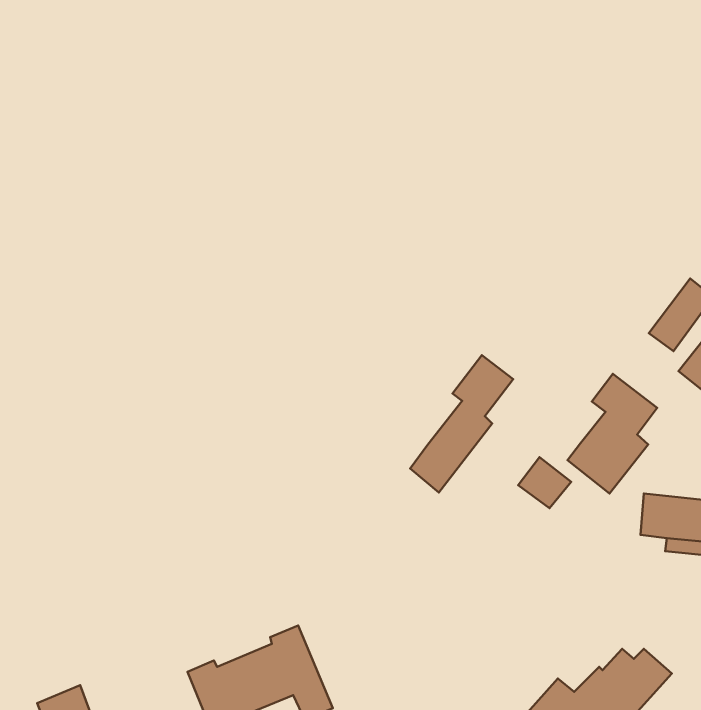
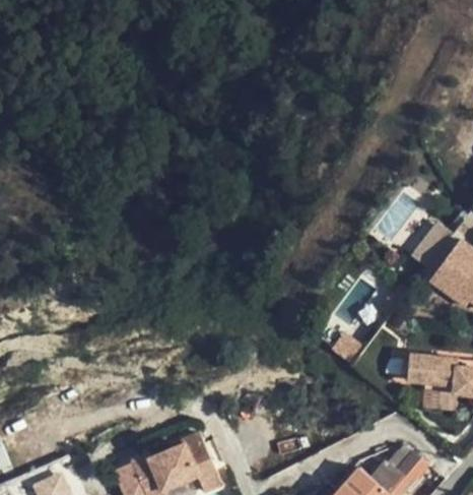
building: [410,355,513,492] -> none
building: [568,374,657,494] -> none

